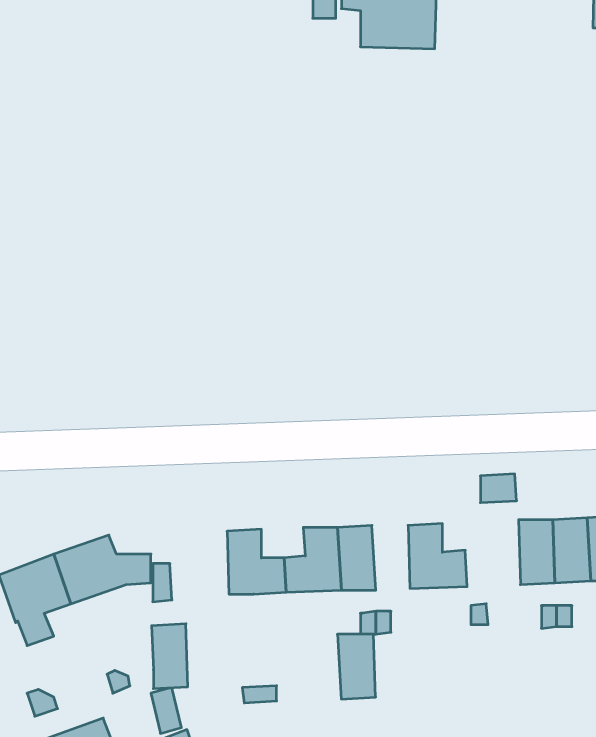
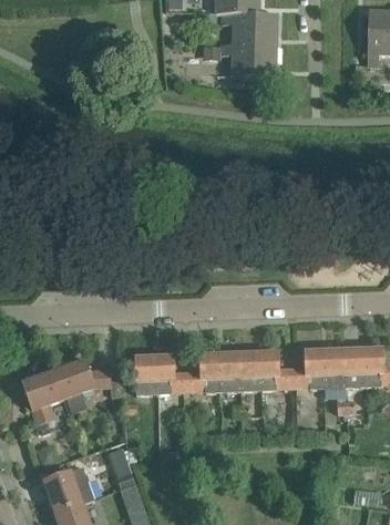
building: none -> [292,349,325,388]
building: [152,624,188,689] -> [134,356,155,393]
building: [337,634,376,699] -> [238,352,260,390]

